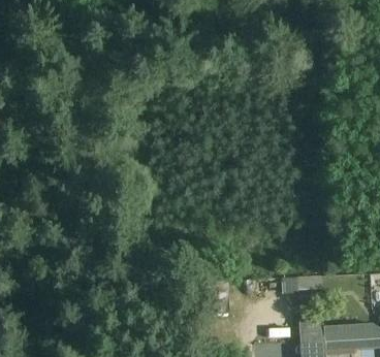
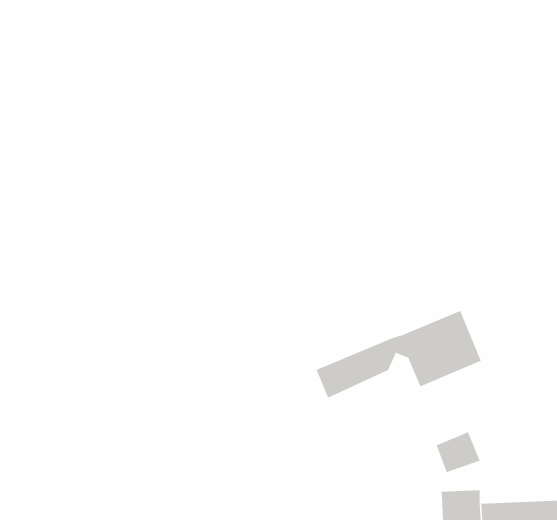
building: none -> [316,310,482,398]

